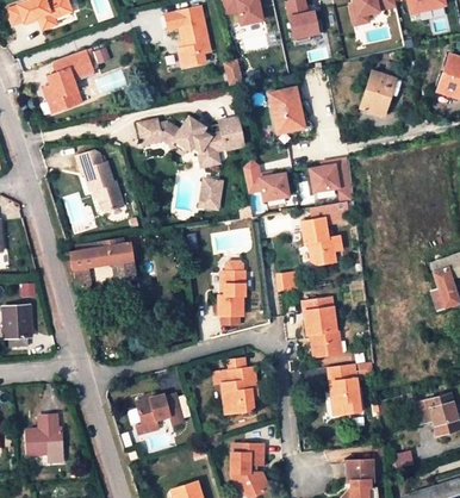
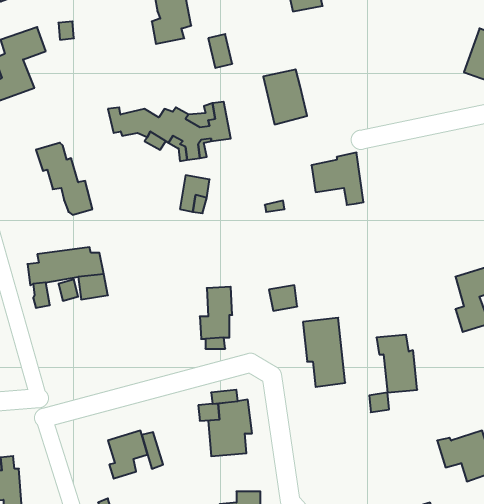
building: [360,71,396,116] -> none
building: [242,160,290,201] -> none
building: [300,201,350,266] -> none
building: [324,365,359,413] -> [376,335,417,393]

